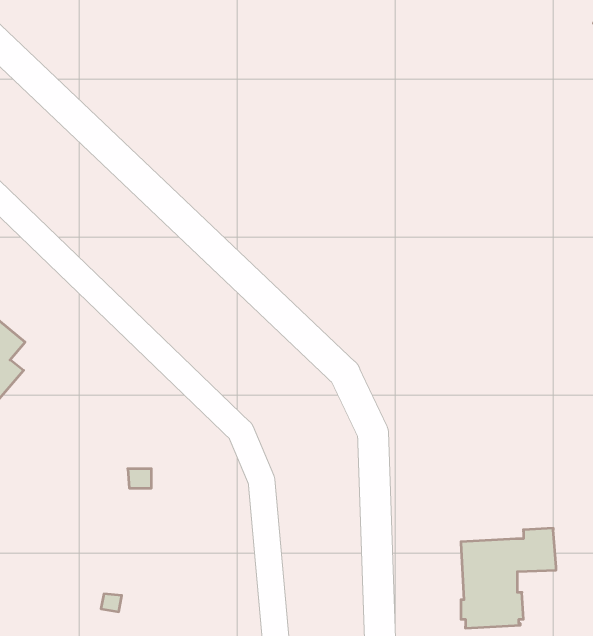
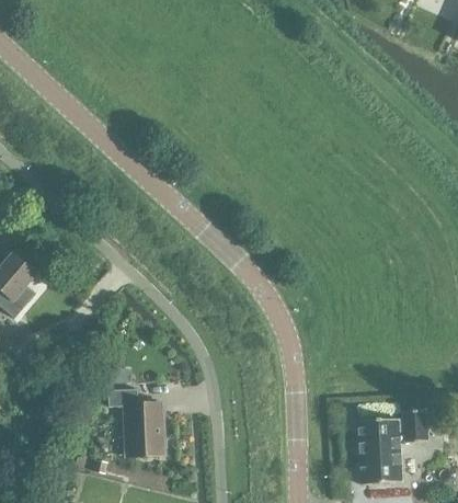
building: none -> [107,388,165,456]

